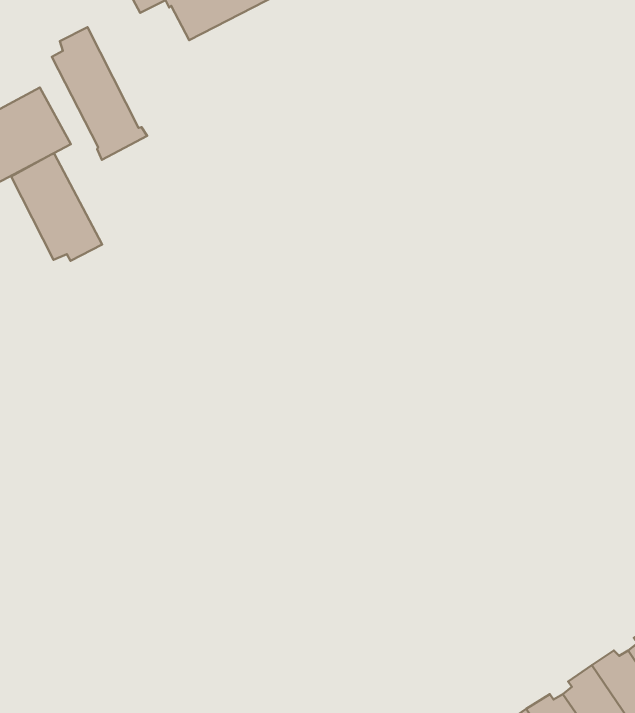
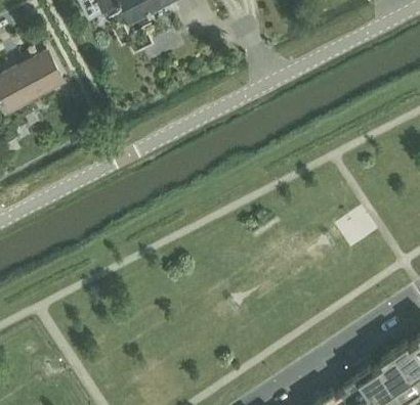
building: [52,27,147,160] -> none
building: [11,154,102,261] -> none

